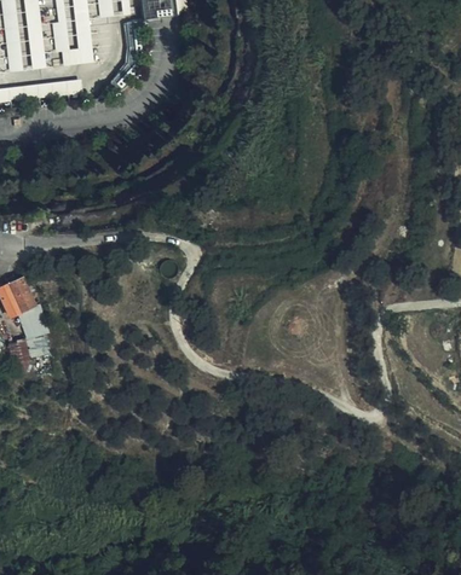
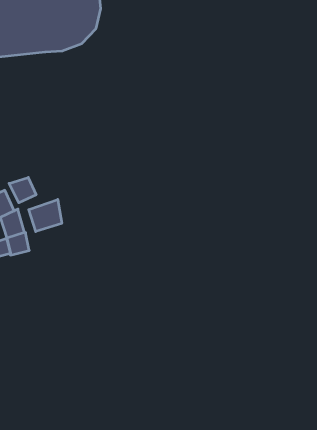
building: none -> [9,177,36,203]
building: none -> [29,199,62,232]

